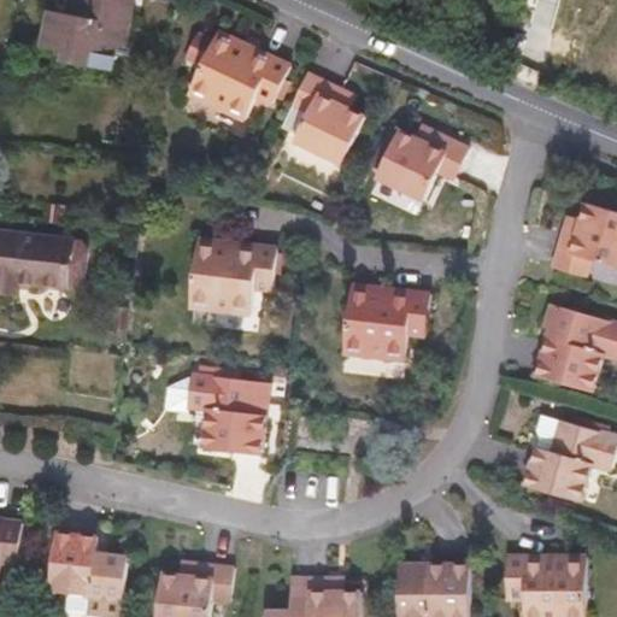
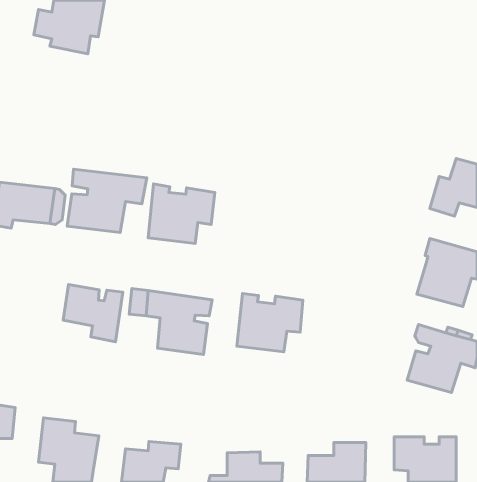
building: [186,28,290,116] -> none
building: [293,69,366,160] -> none
building: [376,128,469,199] -> none
building: none -> [67,169,147,232]
building: [343,282,428,357] -> [237,293,303,352]
building: none -> [63,285,123,342]

